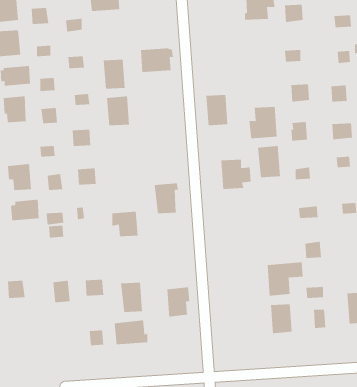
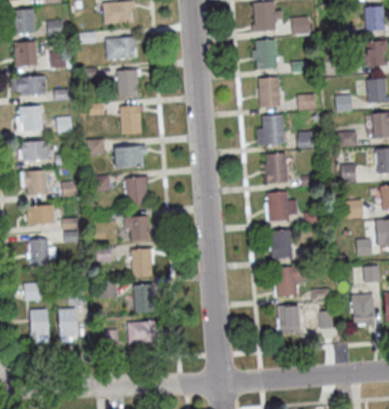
building: none -> [252,40,277,70]
building: [140,48,174,73] -> [105,36,137,60]
building: [206,94,228,126] -> [258,78,280,108]
building: none -> [21,140,48,161]
building: none -> [113,145,146,168]
building: [220,159,252,189] -> [266,192,296,221]
building: [154,183,179,214] -> [124,176,148,207]
building: none -> [269,229,291,261]
building: none -> [28,238,56,267]
building: [166,287,190,317] -> [130,249,153,278]
building: none -> [57,308,77,338]
building: none -> [28,309,48,339]

